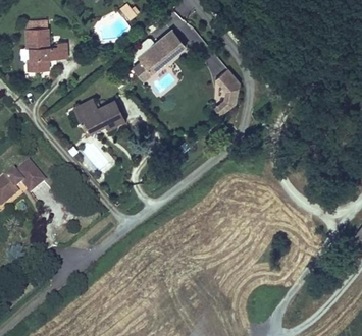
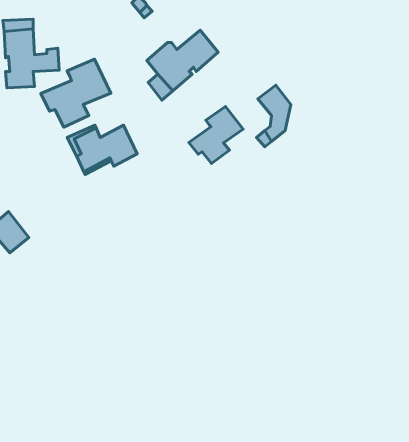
building: none -> [41,59,111,127]
building: none -> [189,106,243,164]

